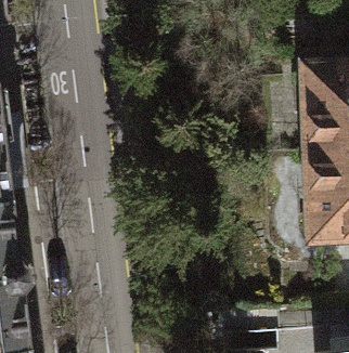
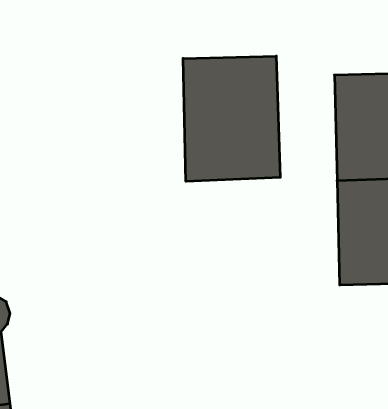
building: none -> [183,56,280,181]

